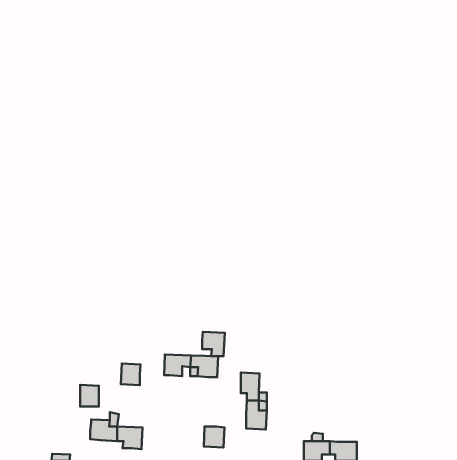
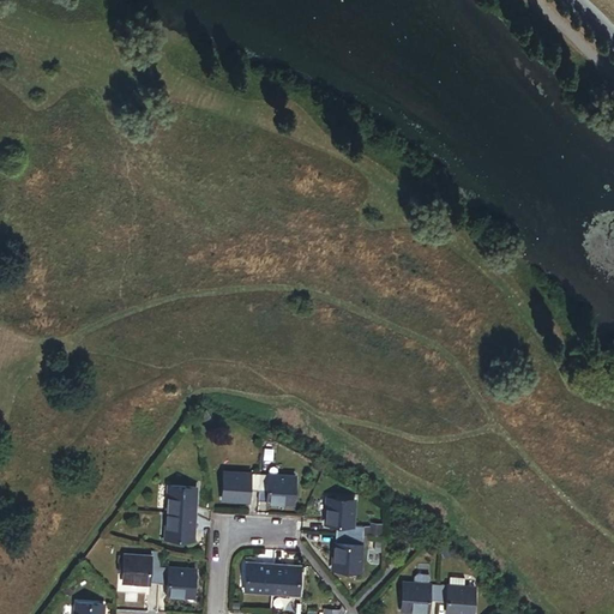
building: [202,332,225,356] -> none
building: [80,385,99,407] -> [165,512,191,541]
building: none -> [249,567,277,595]

